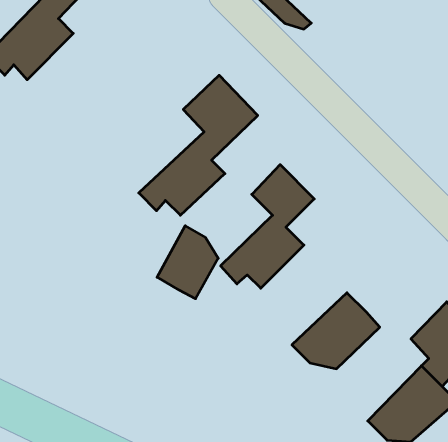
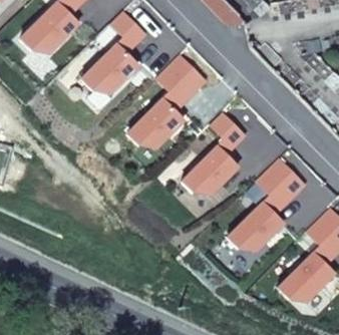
building: none -> [79,12,143,94]
building: [157,226,218,299] -> none
building: none -> [257,156,309,213]

